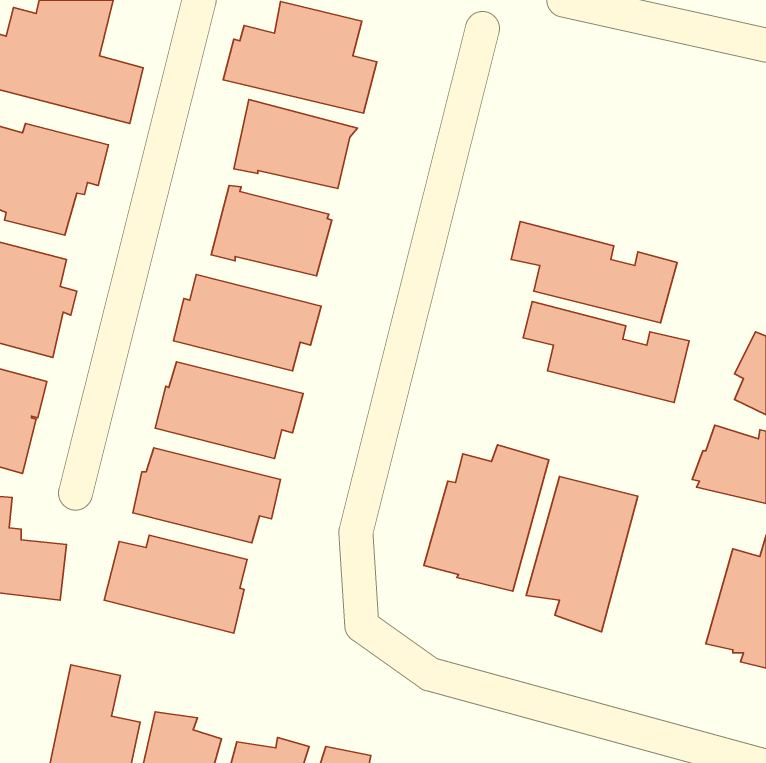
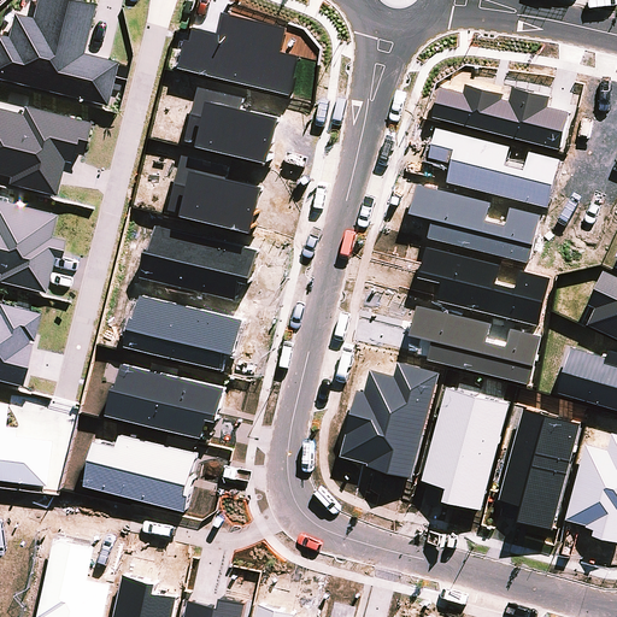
building: none -> [431,86,569,149]
building: none -> [428,128,560,210]
building: none -> [410,306,541,386]
building: none -> [499,409,580,529]

